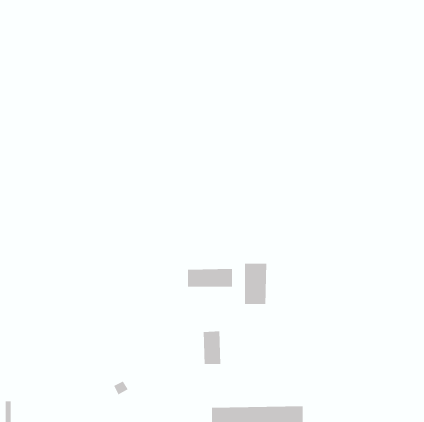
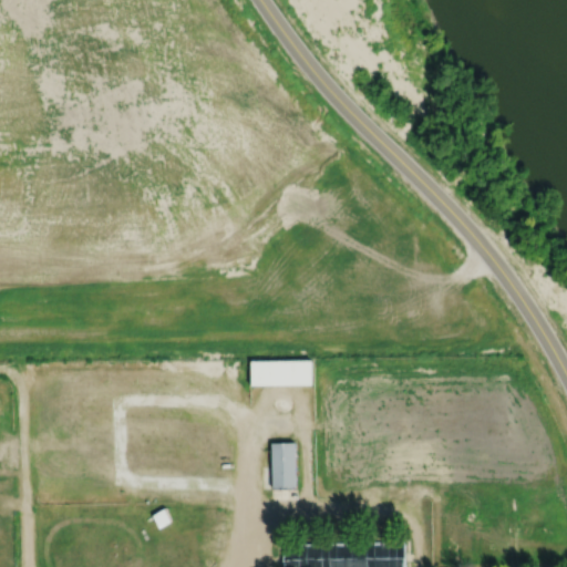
building: [244,263,267,305] -> none

